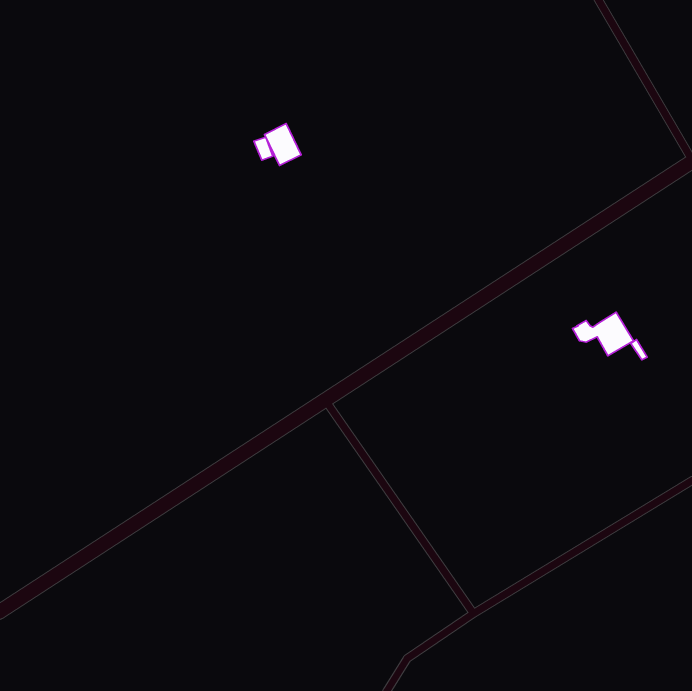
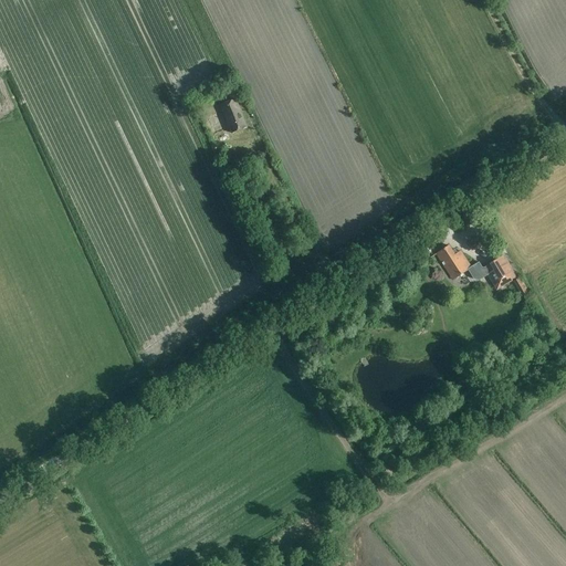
building: none -> [436,244,471,277]

